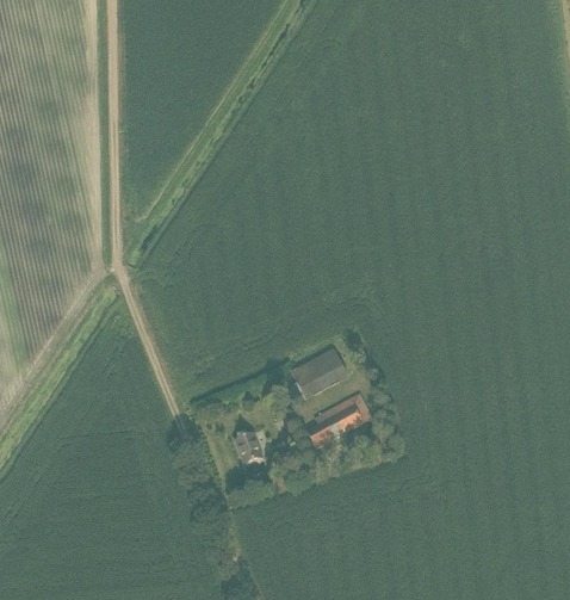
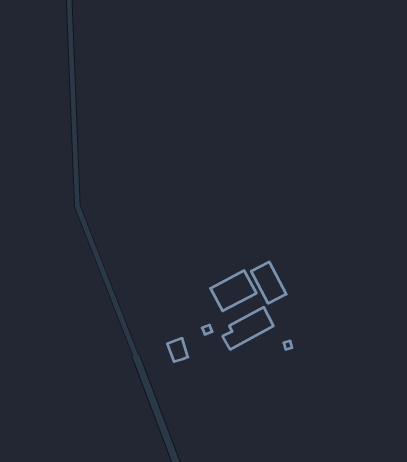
building: none -> [251,262,286,303]

